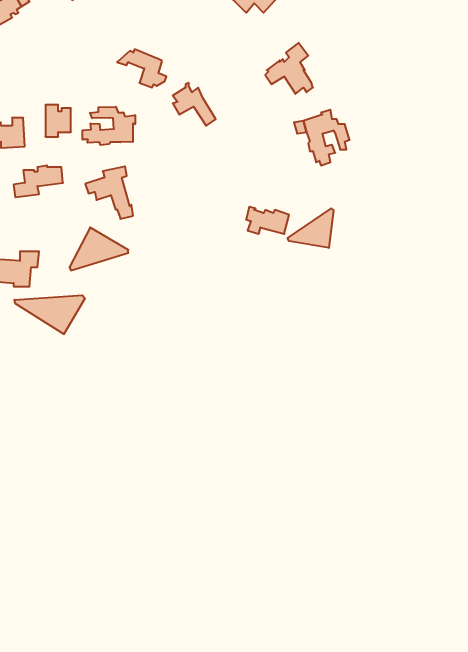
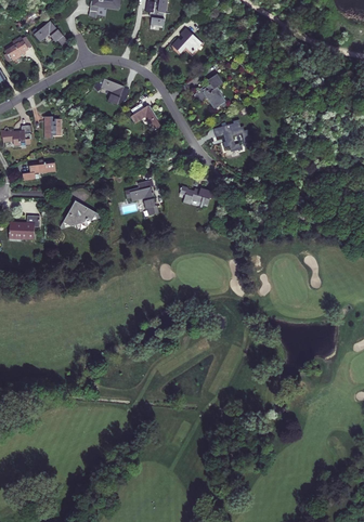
building: [83,107,135,145] -> none
building: [85,166,133,219] -> [125,179,157,214]
building: [288,208,334,248] -> none
building: [14,295,85,334] -> none

